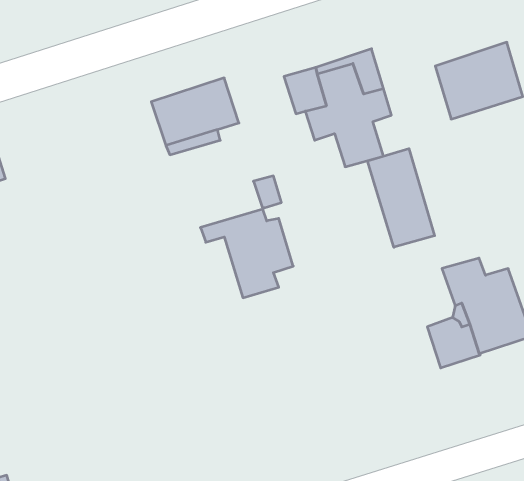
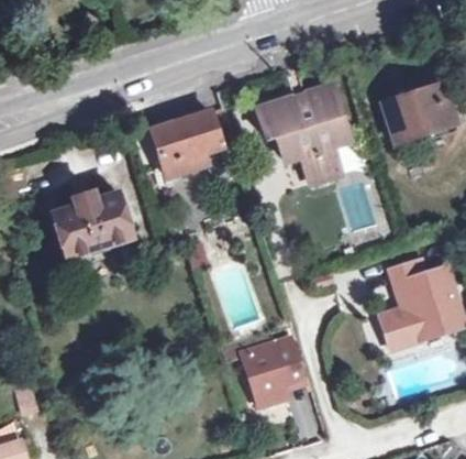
building: [367,149,435,247] -> none
building: none -> [51,190,132,259]
building: [200,209,293,298] -> [224,329,301,403]

